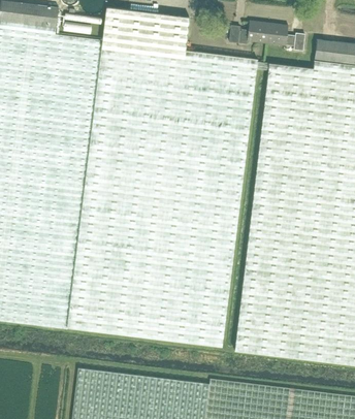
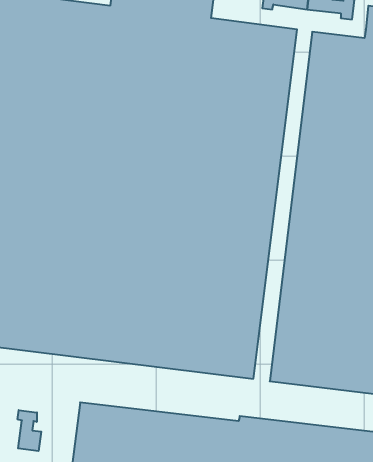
building: none -> [18,410,41,451]

